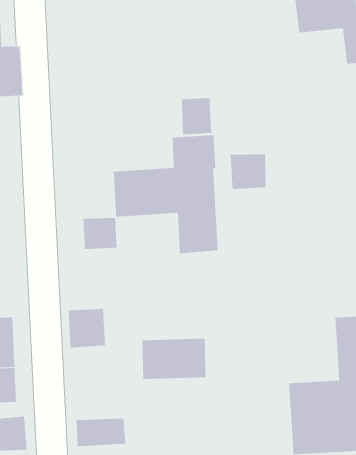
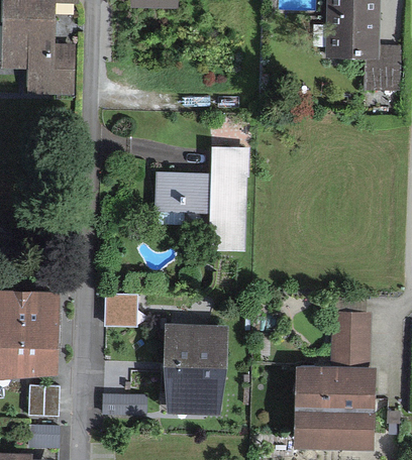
building: [181,97,212,135] -> none
building: [230,154,266,190] -> none
building: [83,217,117,250] -> none
building: none -> [164,358,223,411]

